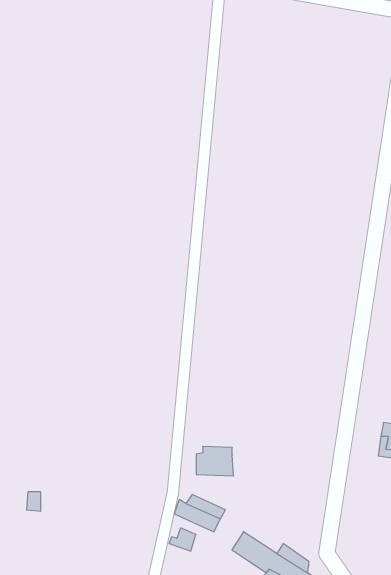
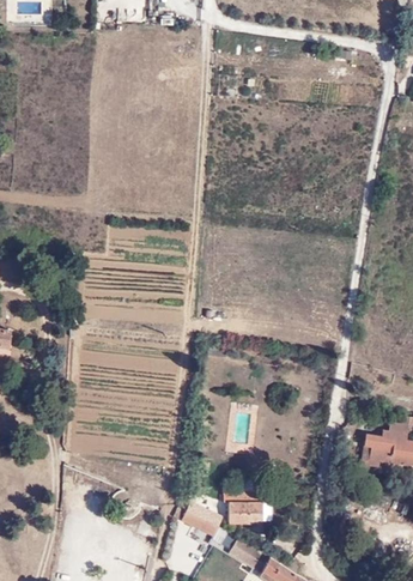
building: [196,446,234,476] -> [227,496,262,523]

